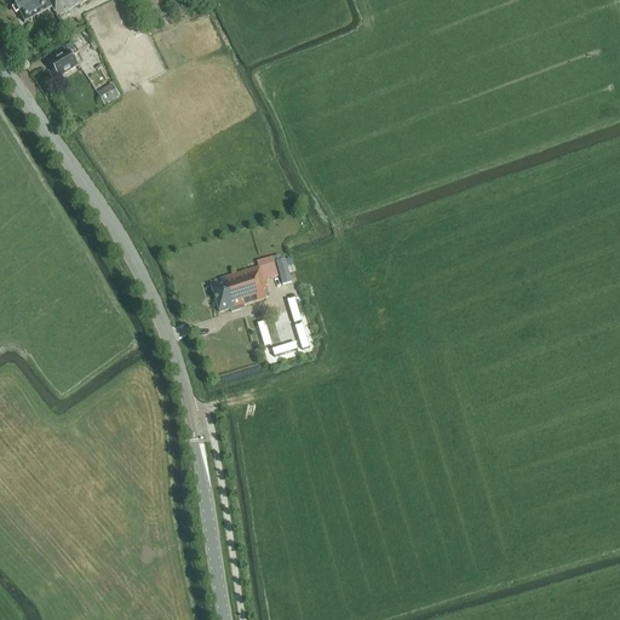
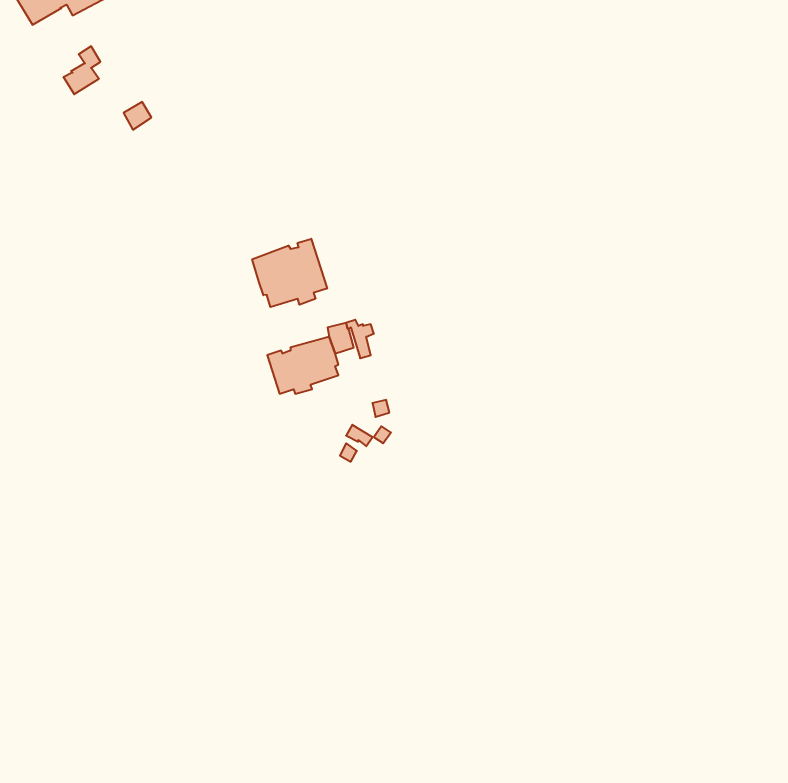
building: none -> [252,239,327,307]

